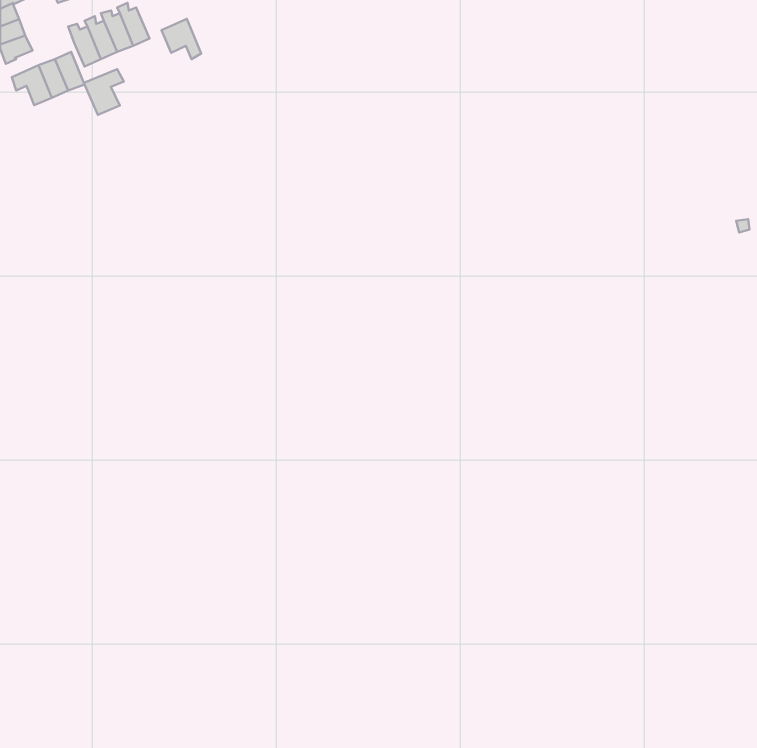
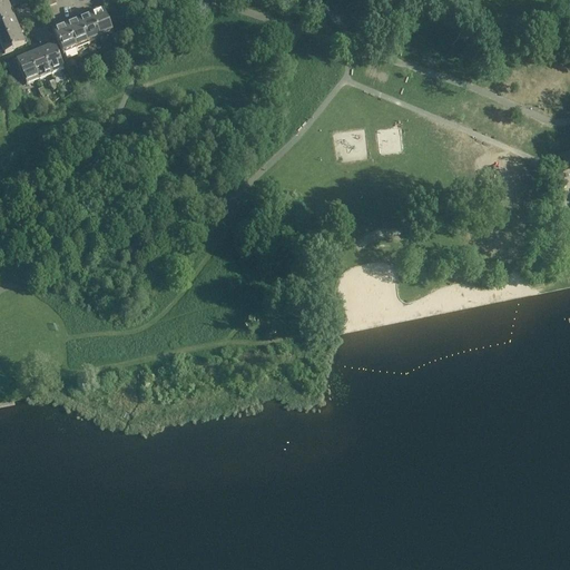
building: [161,19,201,59] -> none
building: [84,69,124,115] -> none

